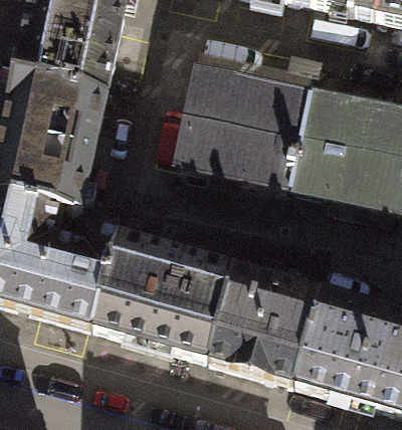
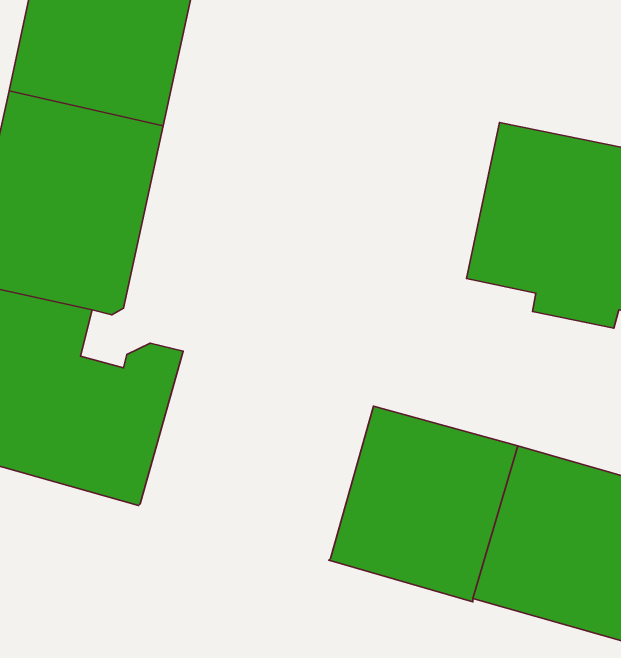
building: [178,68,312,187] -> none
building: [93,231,235,357] -> none

